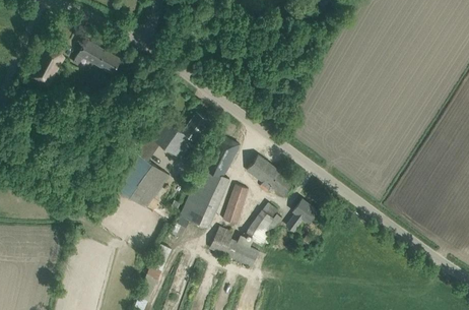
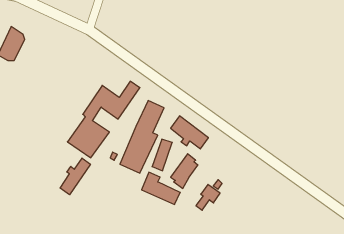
building: [73,39,121,72] -> none
building: [286,199,317,232] -> [196,184,220,210]
building: none -> [60,158,90,195]

